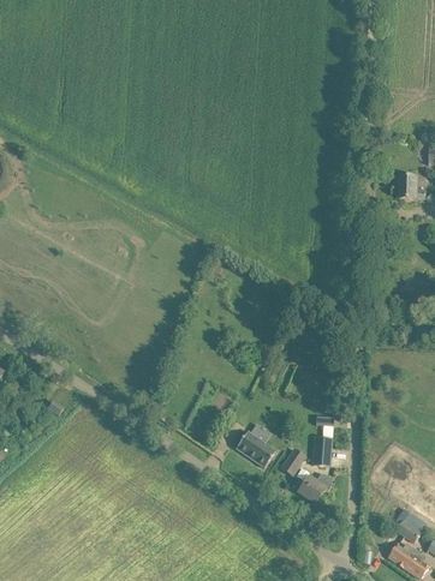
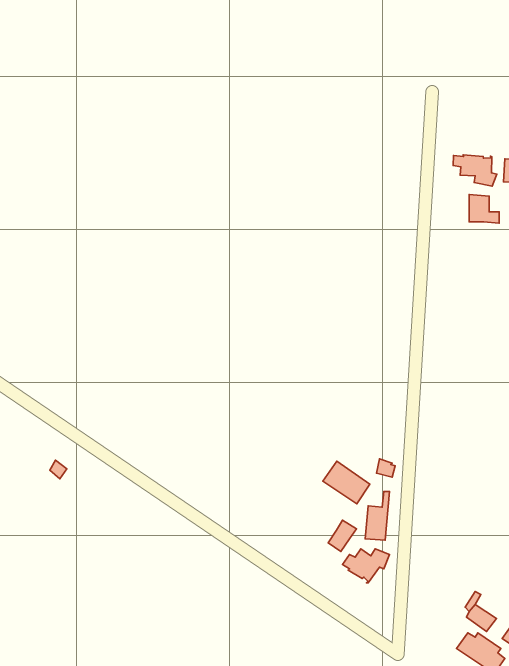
building: none -> [453,155,497,186]
building: [234,431,274,467] -> [323,461,370,504]

